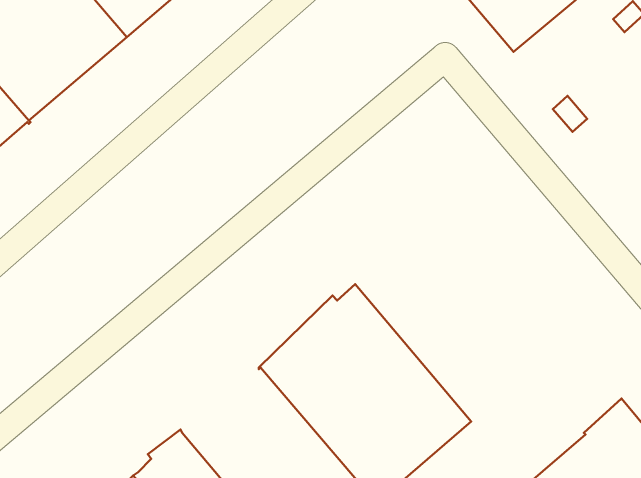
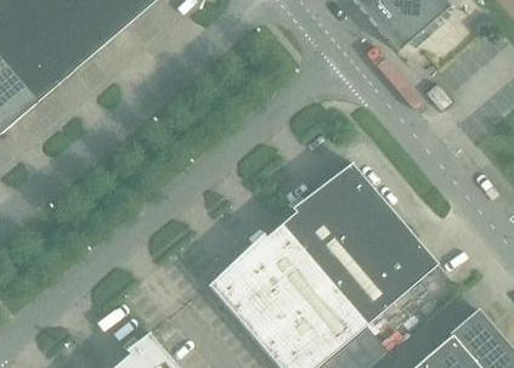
building: none -> [279,162,437,325]

